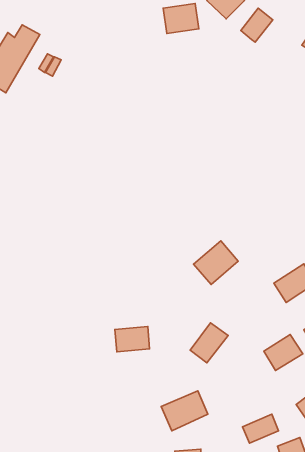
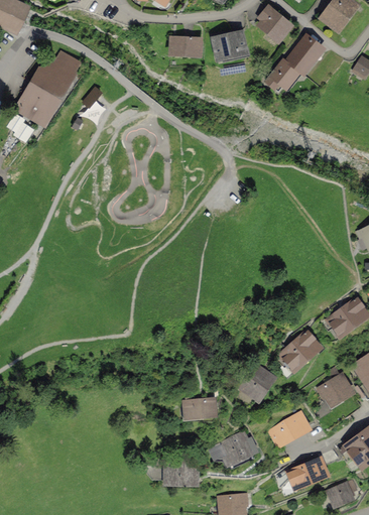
building: none -> [170,32,198,56]
building: none -> [268,54,299,88]
building: [194,241,238,285] -> [276,330,323,375]
building: [115,327,150,352] -> [174,394,211,420]
building: none -> [262,409,311,452]
building: none -> [156,464,195,489]

